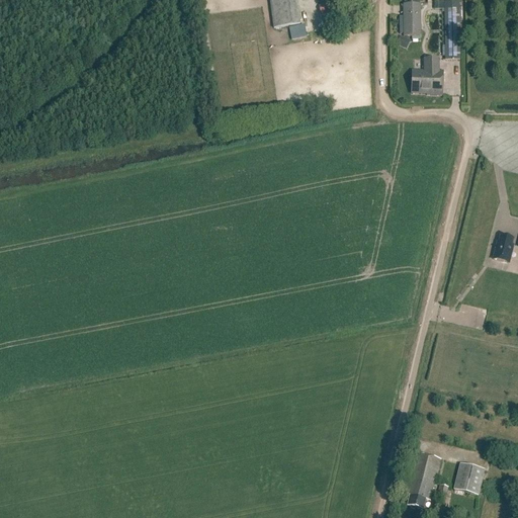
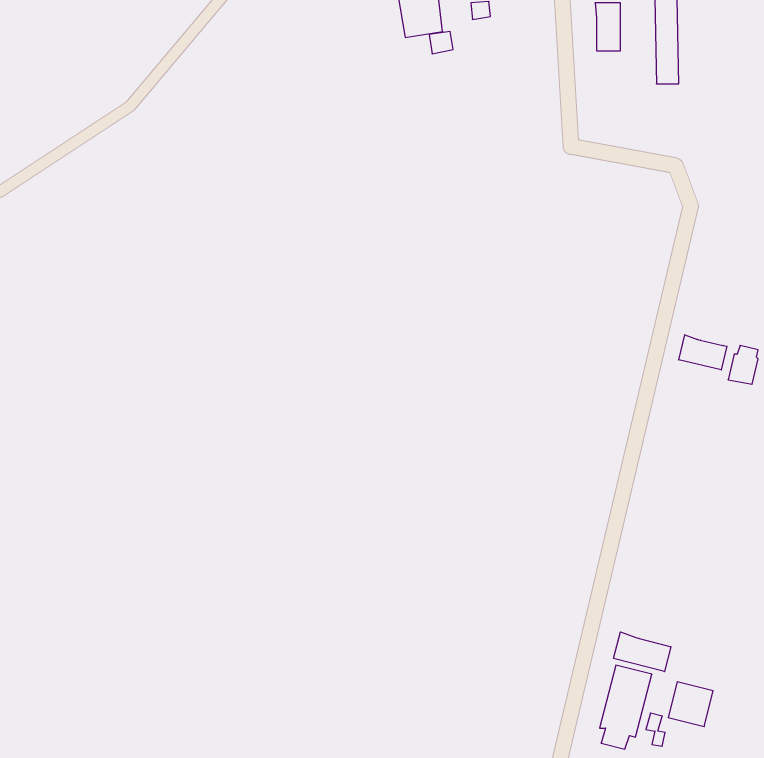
building: [412,58,442,93] -> none
building: none -> [679,335,727,370]
building: none -> [614,632,671,672]

